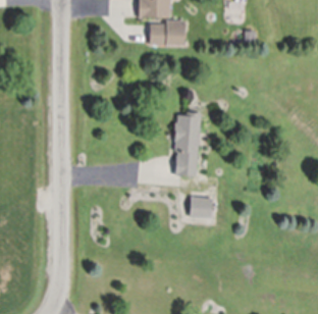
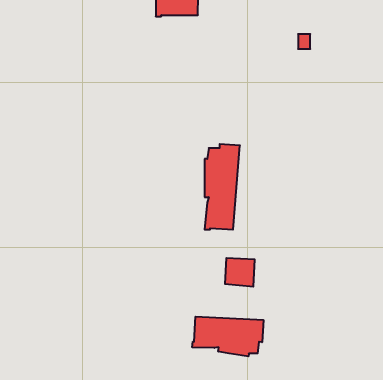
building: [150,19,186,45] -> none
building: none -> [192,317,263,356]

